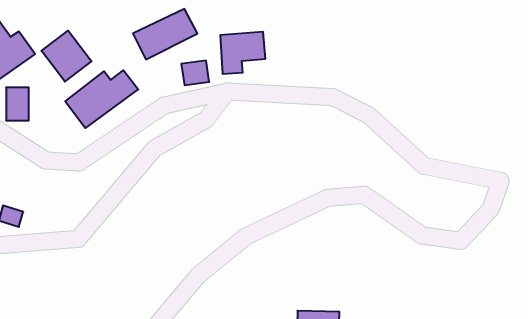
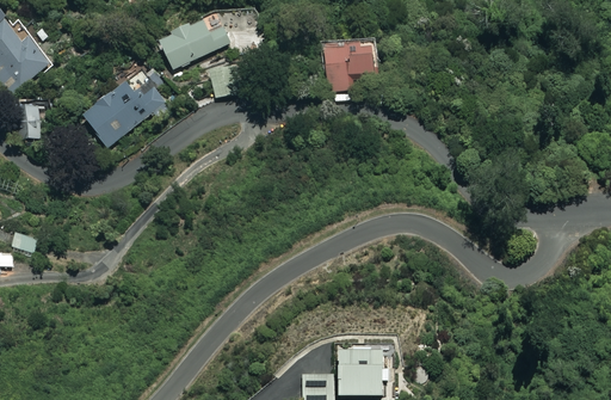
building: [41,31,92,82] -> none
building: [220,32,265,74] -> [326,44,376,91]

